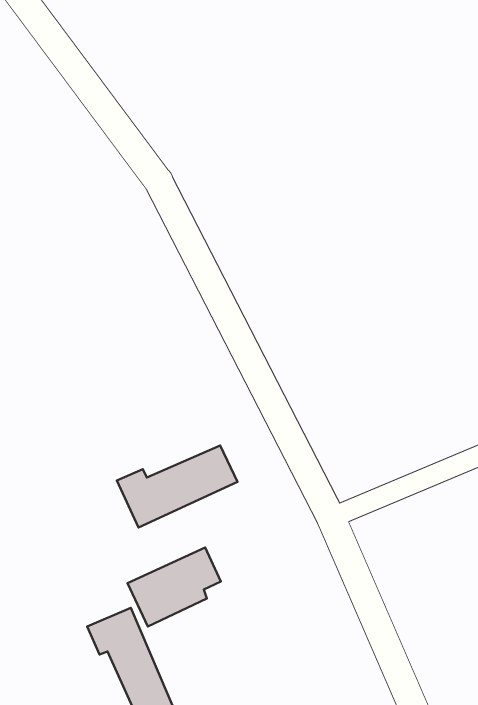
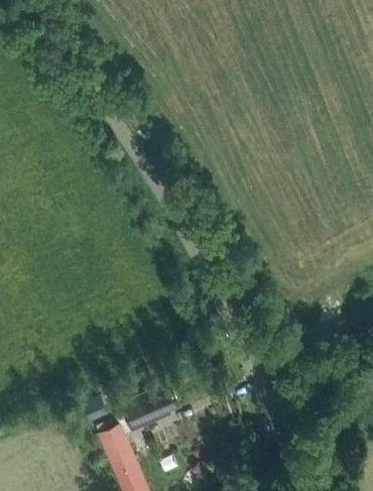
building: [117,446,238,528] -> none

